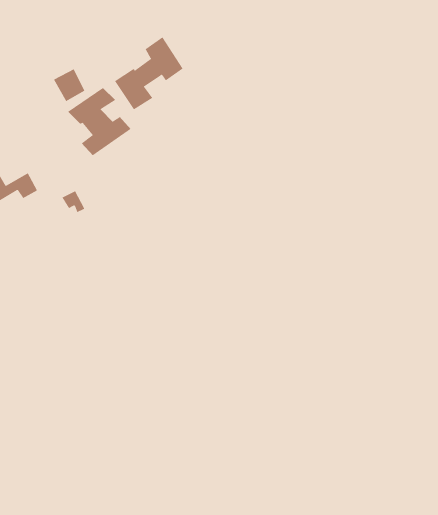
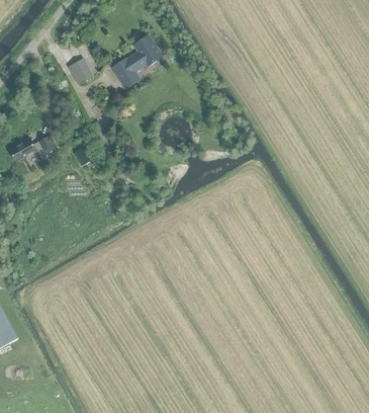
building: [67,87,132,156] -> none

